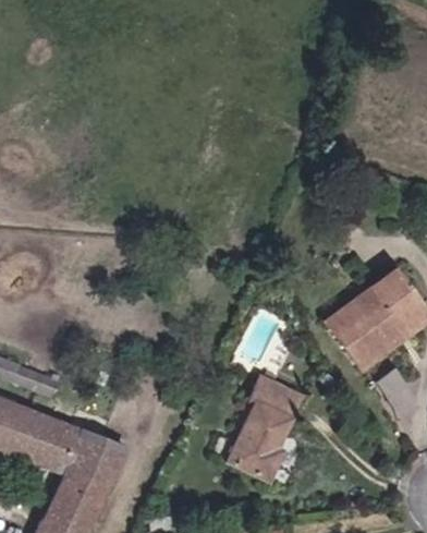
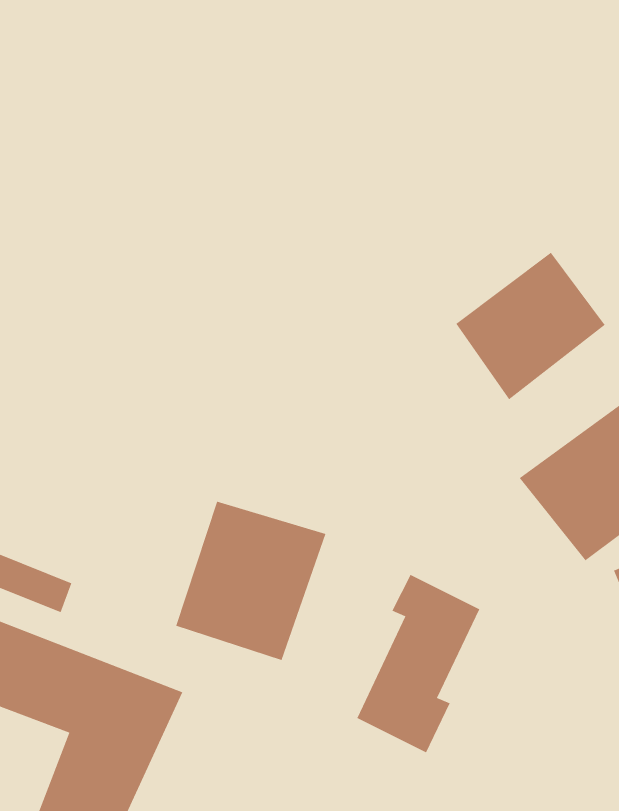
building: none -> [455,252,606,400]
building: none -> [175,501,326,661]

